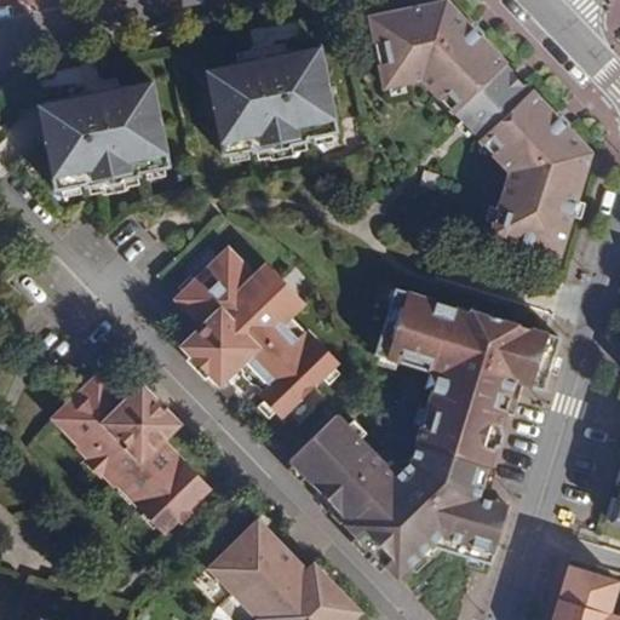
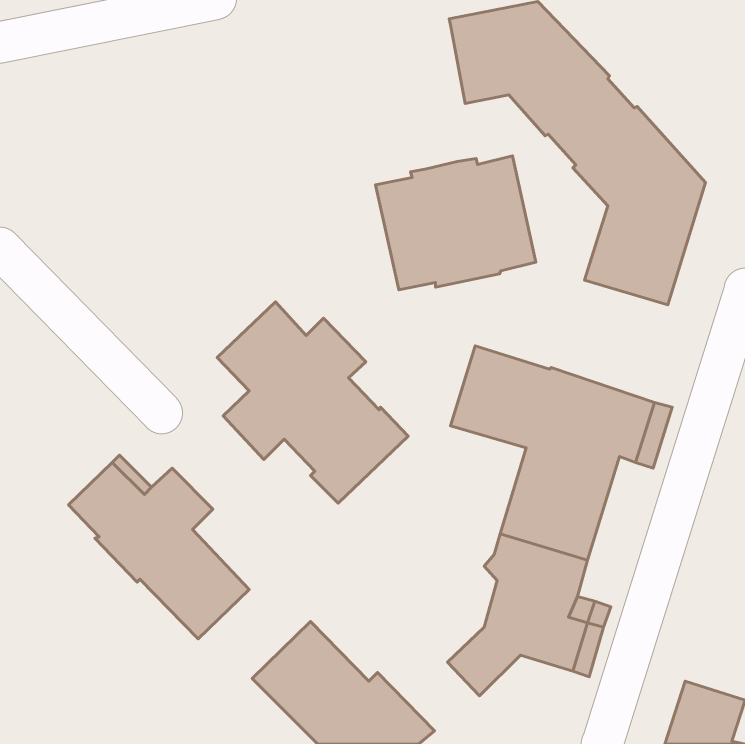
building: [206,46,339,157] -> [376,156,536,290]
building: [39,81,171,191] -> none
building: [289,414,413,550] -> none

